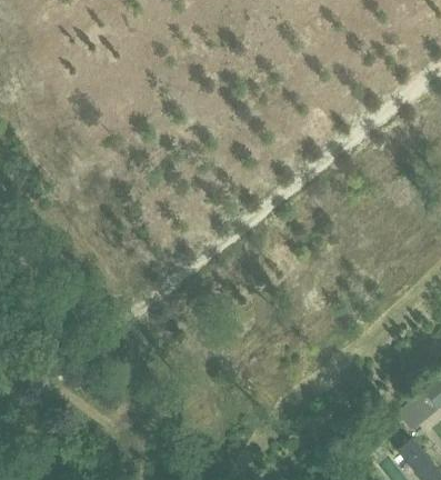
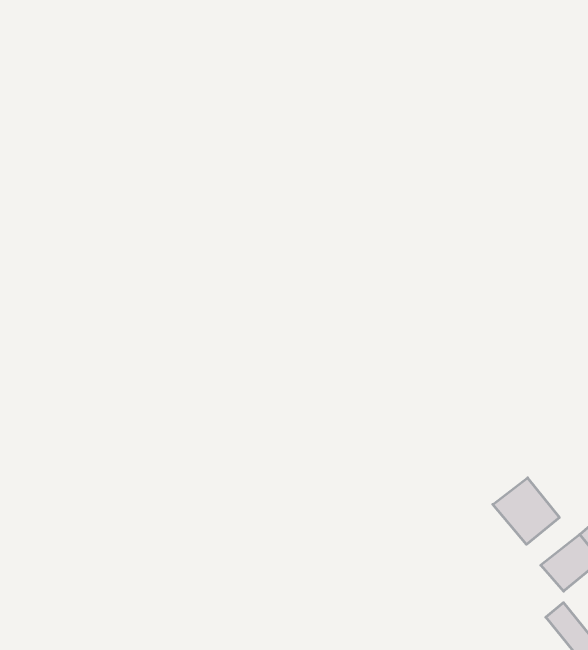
building: none -> [493,478,559,544]

